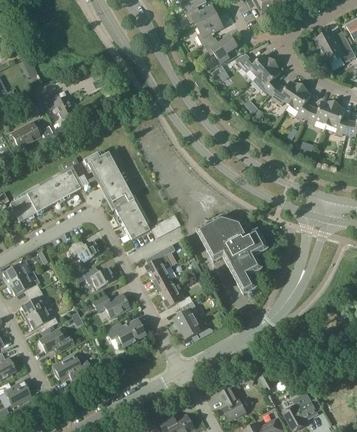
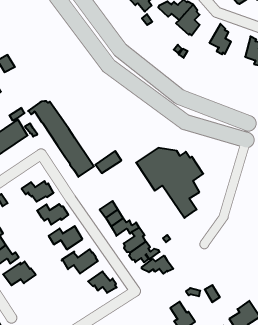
building: [270,80,303,104] -> none
building: [305,100,335,124] -> none
building: [145,244,175,277] -> none
building: none -> [142,256,173,274]
building: none -> [88,271,117,293]
building: [52,353,92,380] -> none

